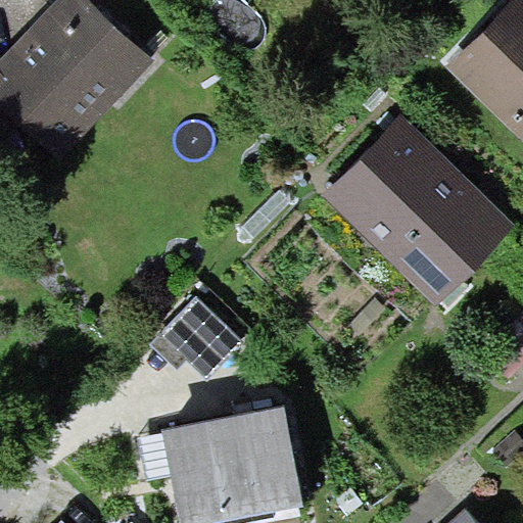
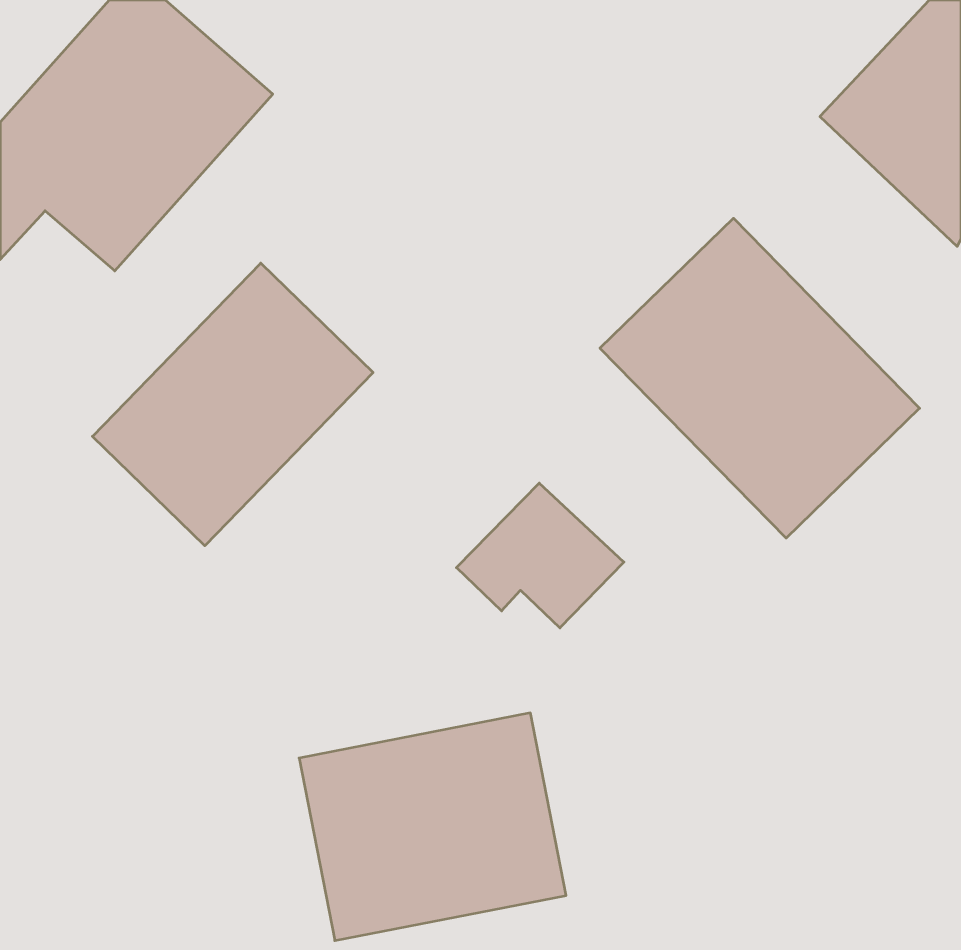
building: none -> [92,263,373,546]
building: [153,297,244,376] -> [456,483,624,628]

